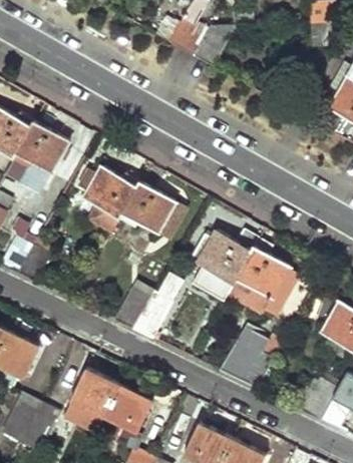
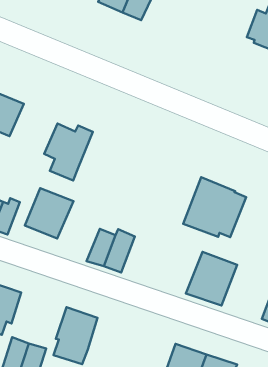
building: [119,181,175,233] -> none
building: [191,230,252,303] -> none
building: none -> [25,188,74,238]
building: [104,384,151,432] -> none

